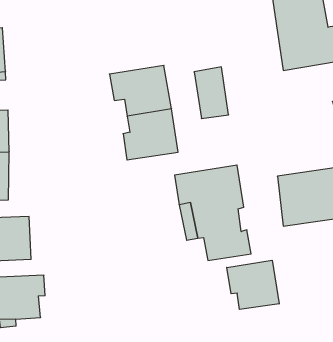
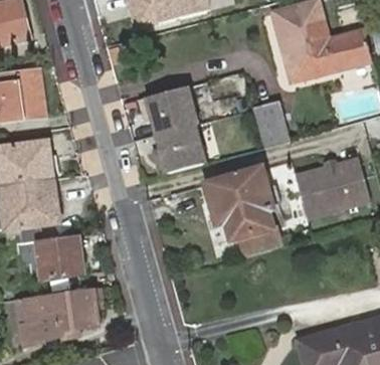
building: [194,67,229,119] -> [253,99,289,147]
building: [227,260,279,309] -> none

